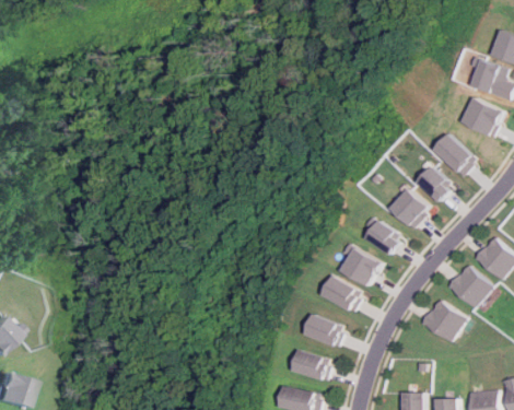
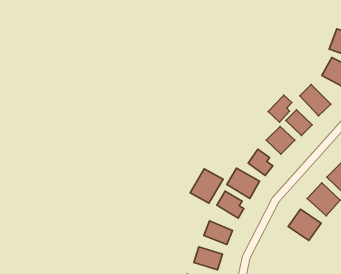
building: none -> [268,95,292,122]
building: none -> [190,169,223,203]

